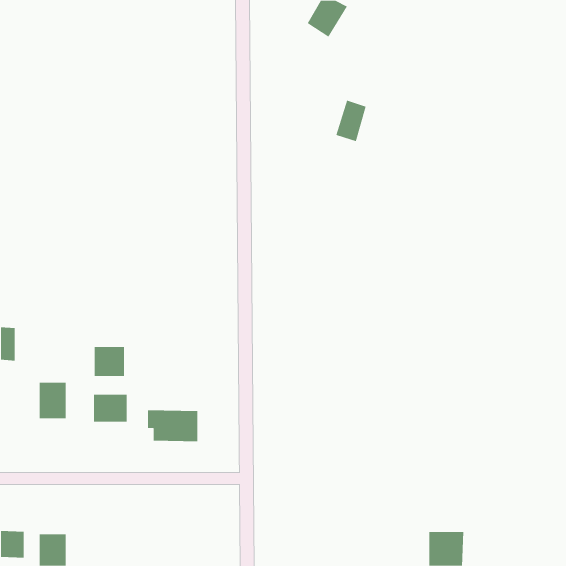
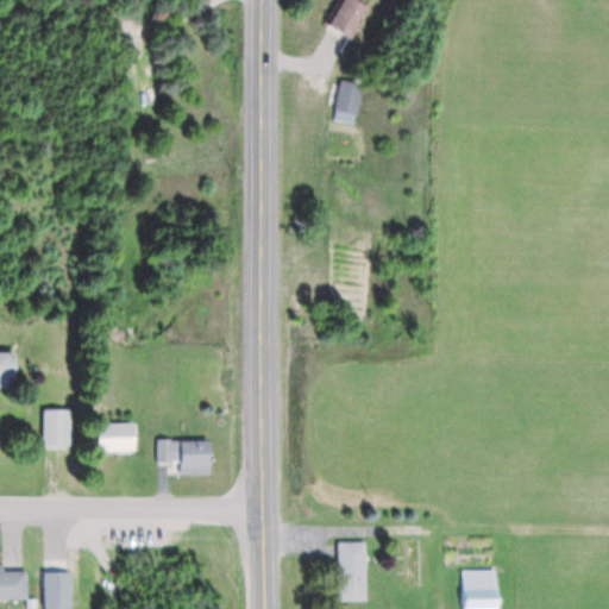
building: [336,100,367,142] -> [332,80,365,125]
building: [94,346,124,377] -> none
building: none -> [335,542,365,601]

